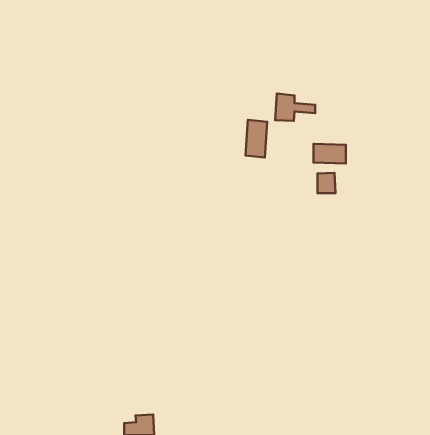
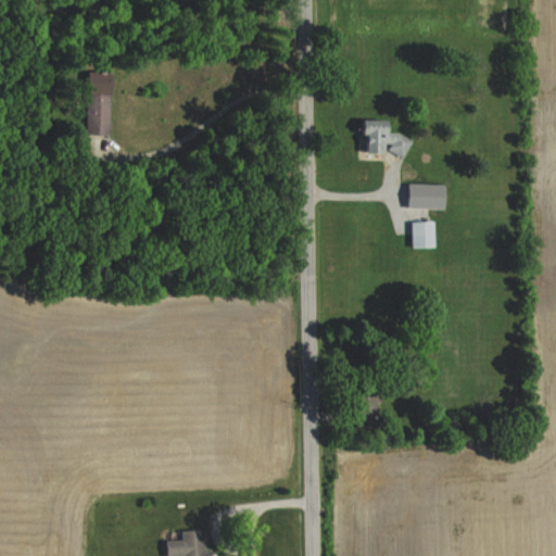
building: none -> [92,81,114,123]
building: [246,120,267,157] -> none

